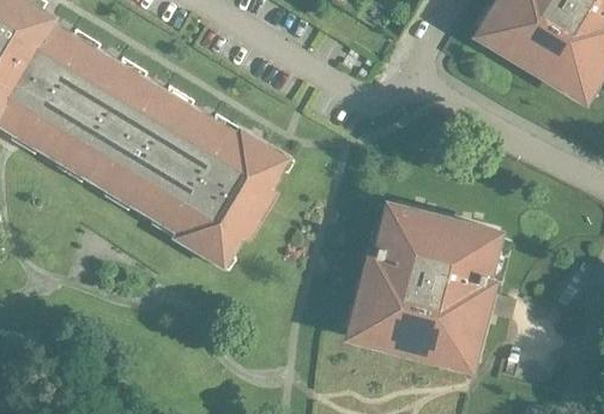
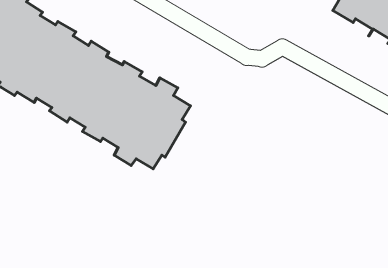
building: [351,203,495,365] -> none

